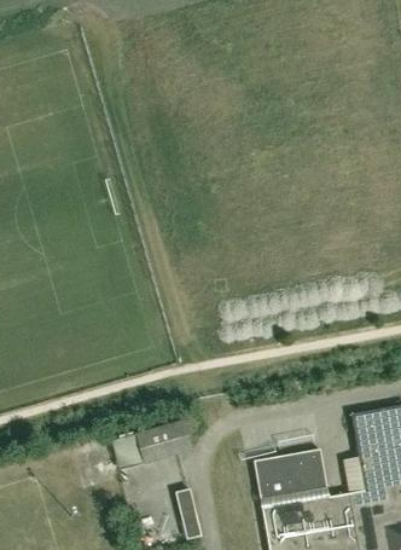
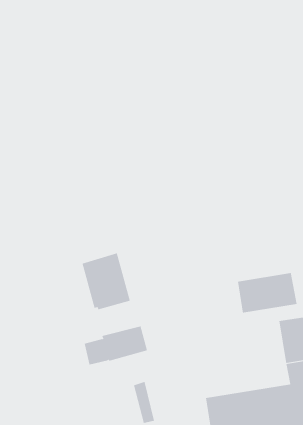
building: none -> [82,253,131,310]
building: [255,448,329,498] -> [237,273,297,313]

